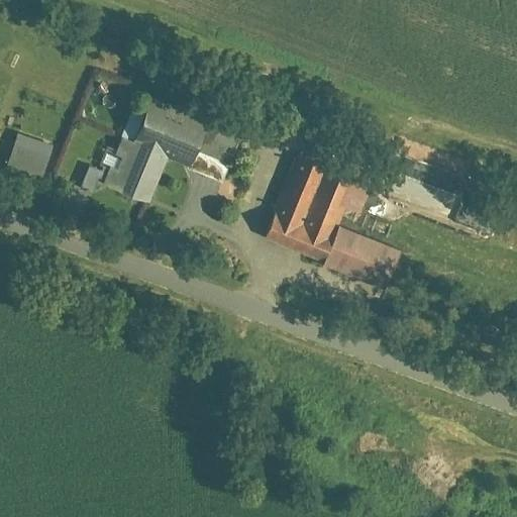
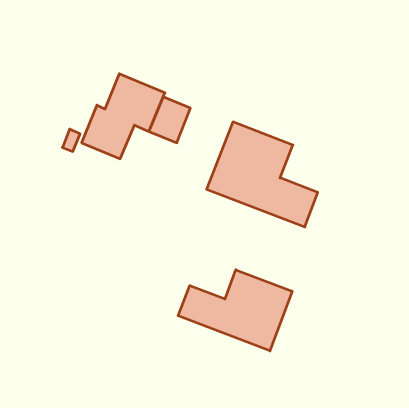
building: [5,132,54,179] -> none
building: none -> [178,270,292,351]

